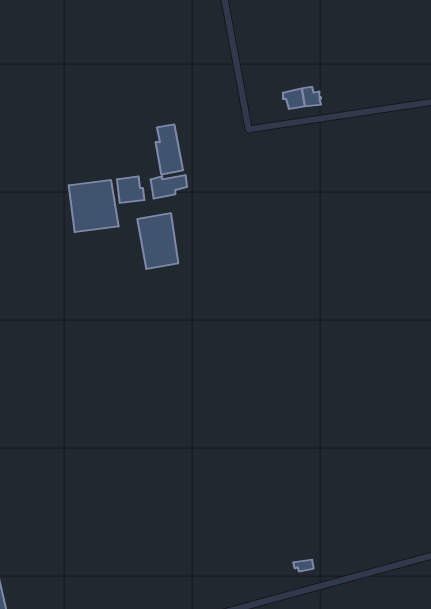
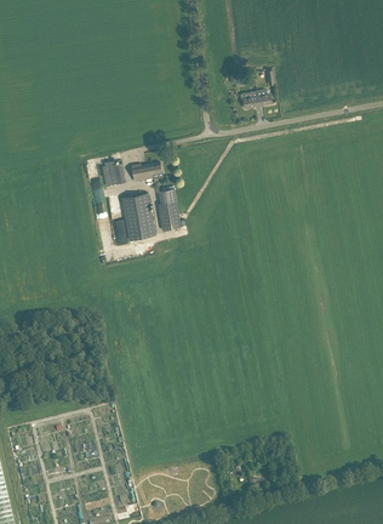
building: [155,125,183,175] -> [158,188,181,229]
building: [69,180,119,232] -> none

